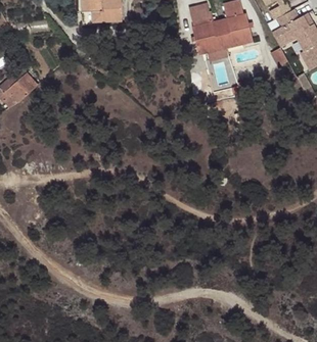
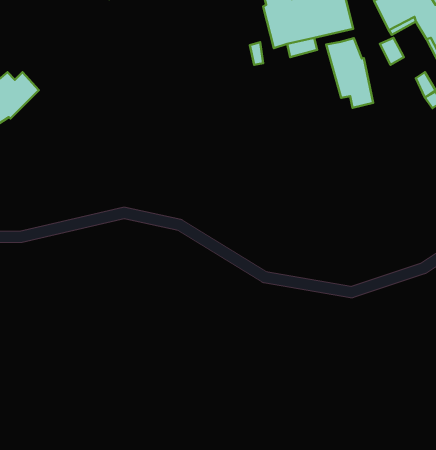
building: none -> [326,38,373,108]

